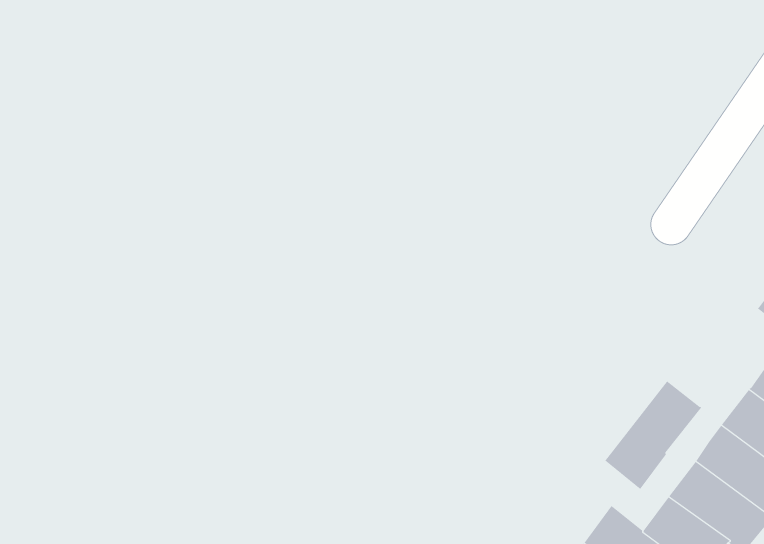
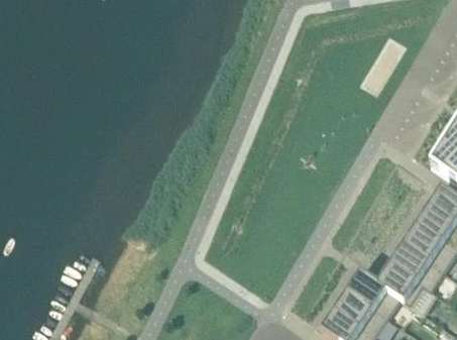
building: [605,380,702,490] -> none

